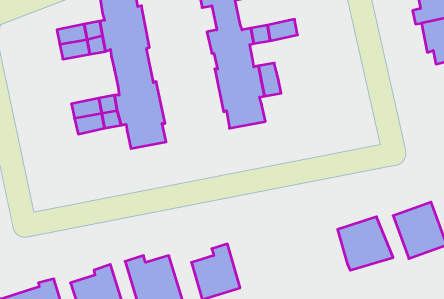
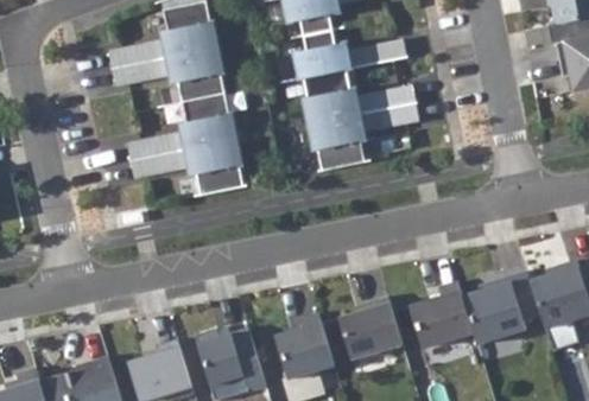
building: none -> [376,85,418,128]
building: none -> [400,282,466,349]
building: none -> [336,293,397,361]

